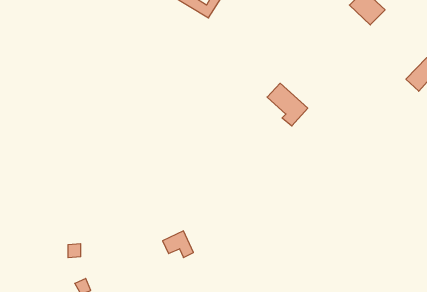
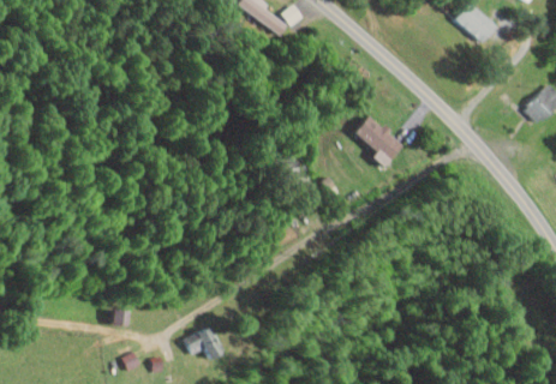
building: [163,231,193,258] -> [184,328,221,360]

